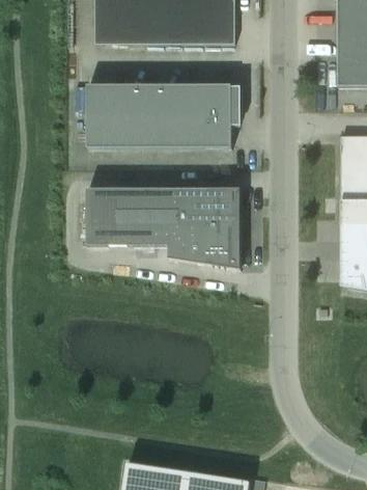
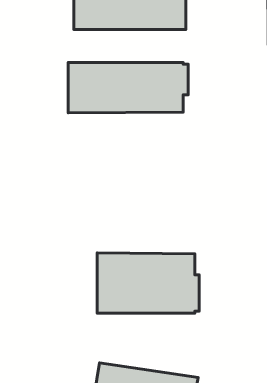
building: [86,189,241,270] -> none
building: none -> [97,253,199,313]

